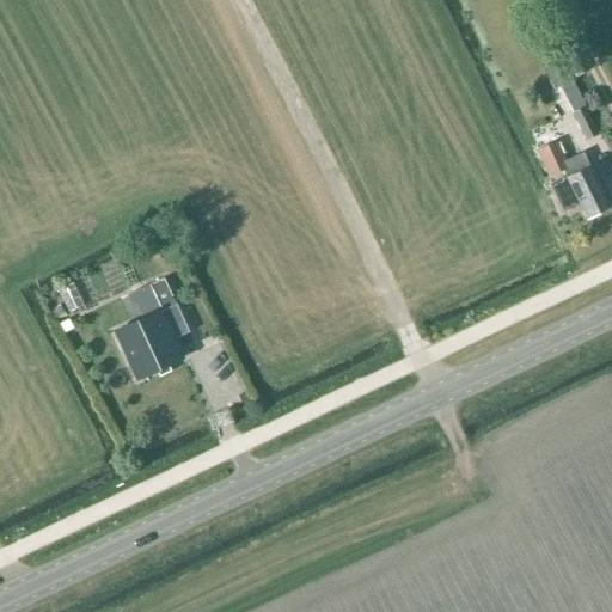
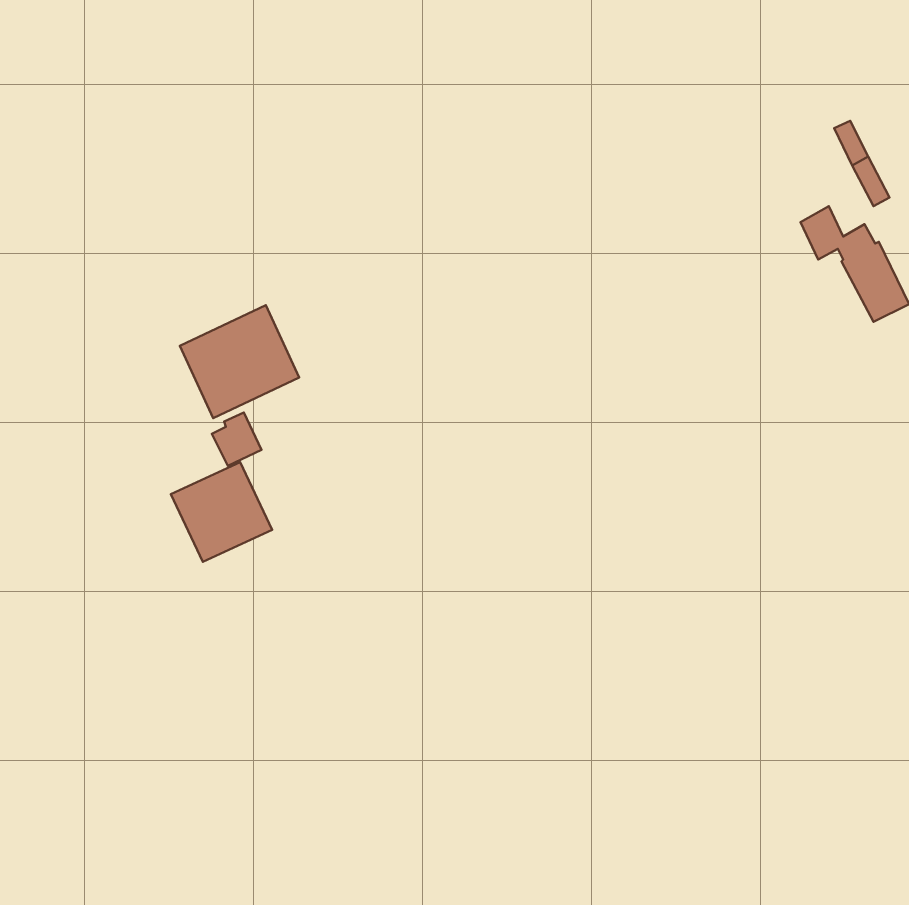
building: none -> [180,305,299,418]

